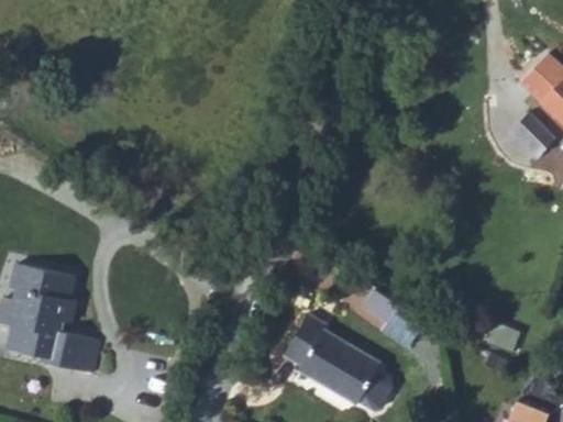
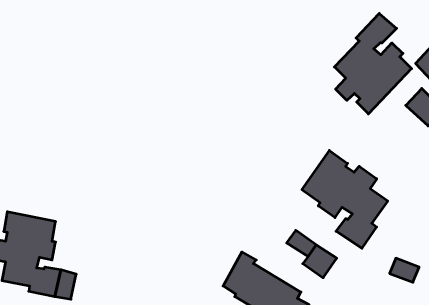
building: none -> [334,13,412,114]
building: none -> [302,150,388,248]

